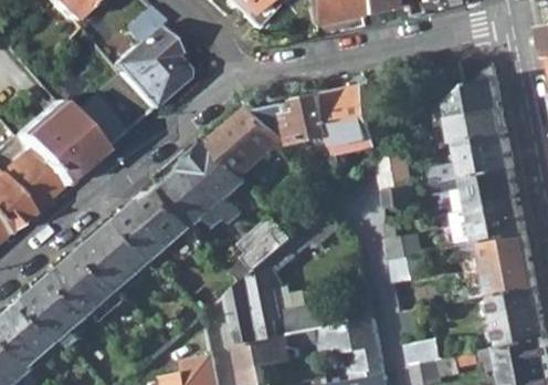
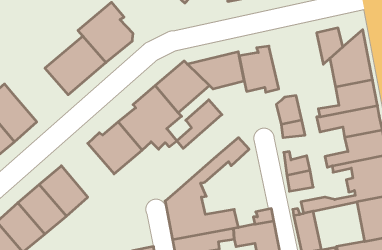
building: [8,102,93,188] -> none
building: [231,215,292,280] -> [177,100,222,148]
building: [84,217,155,289] -> none

